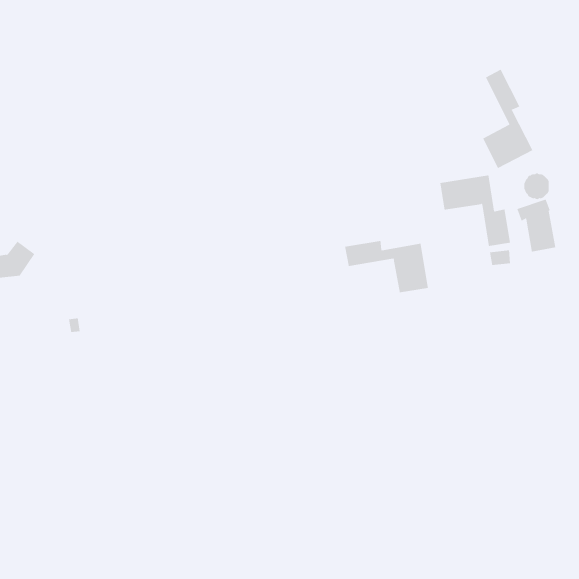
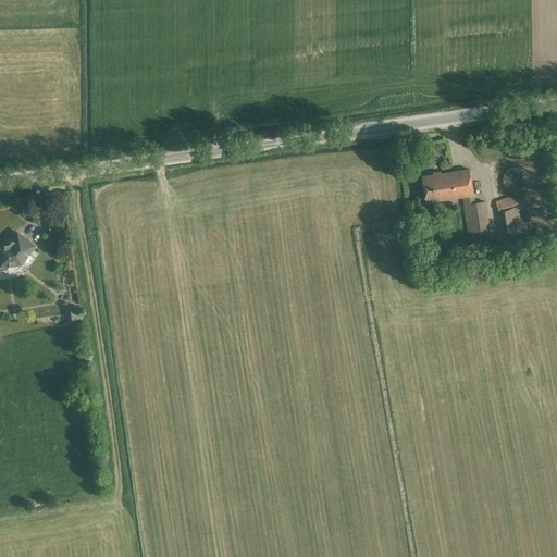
building: [482,69,533,169] -> none
building: [345,240,429,293] -> none

